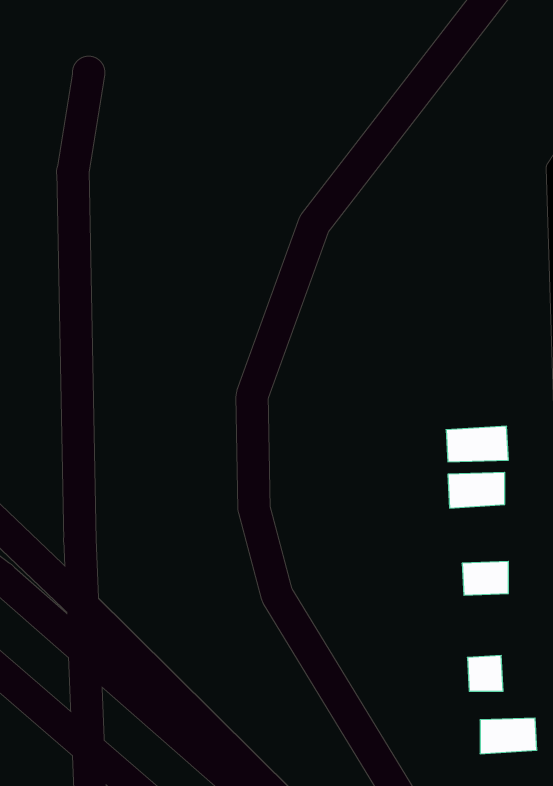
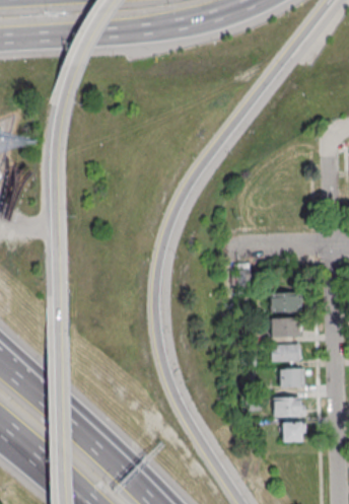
building: none -> [272,344,304,363]
building: [480,718,537,754] -> [274,398,306,418]

